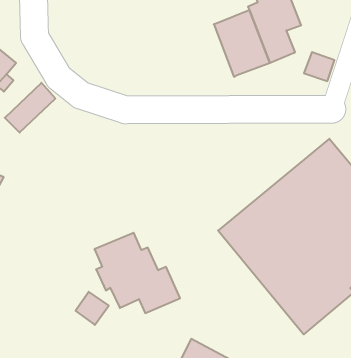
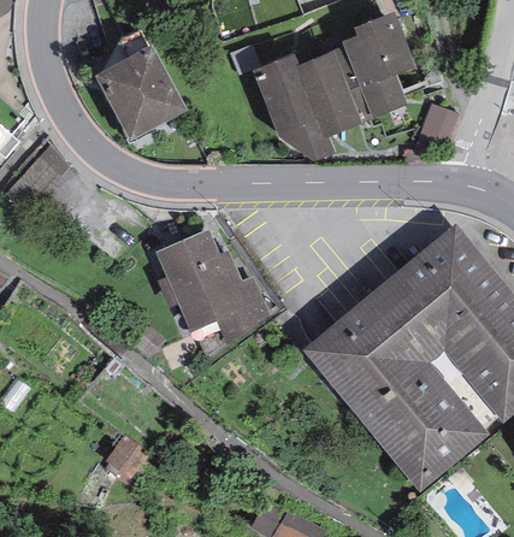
building: none -> [94,45,185,141]
building: none -> [252,53,333,161]
building: [94,233,180,313] -> [154,229,272,340]

